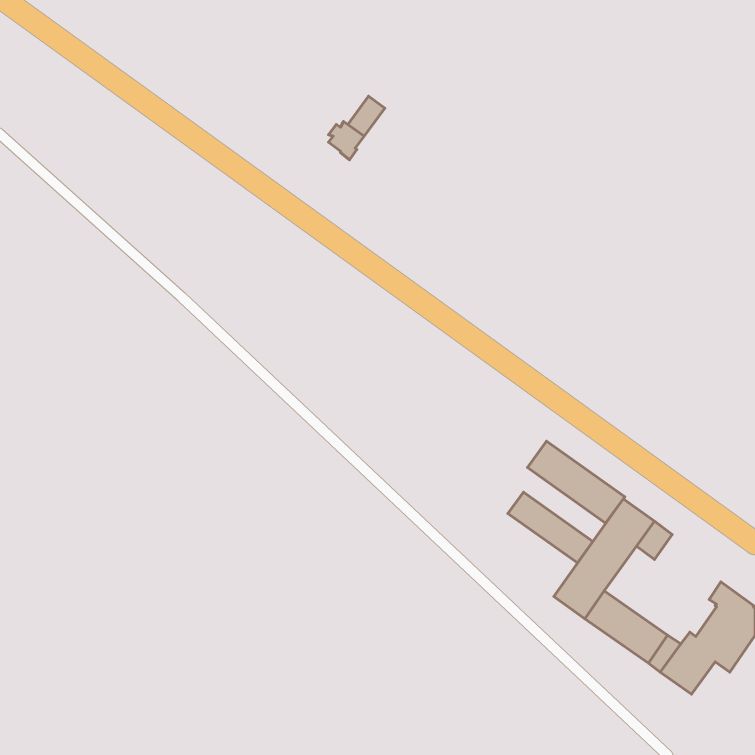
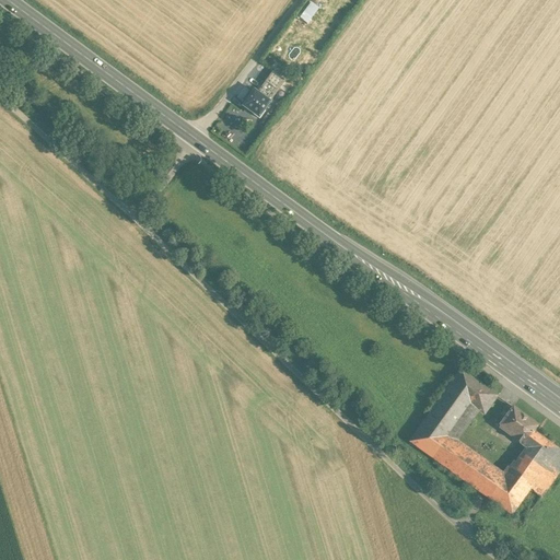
building: [528,441,625,523] -> none
building: [508,492,593,563] -> none
building: none -> [499,406,537,443]

